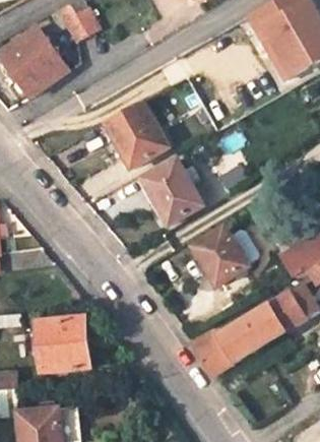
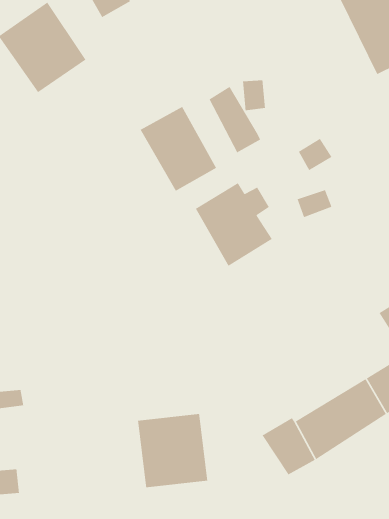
building: none -> [209,86,261,153]
building: [199,230,246,283] -> none
building: [37,318,88,373] -> [137,413,208,488]

